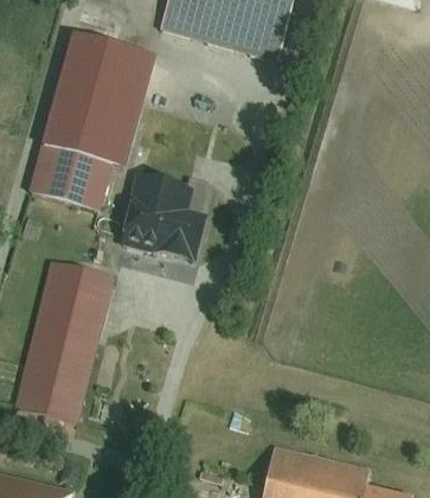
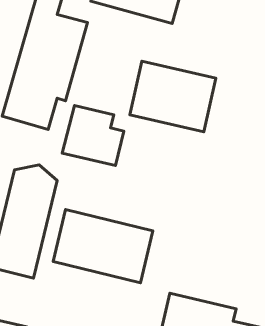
building: none -> [130,61,216,132]
building: none -> [53,209,153,283]

